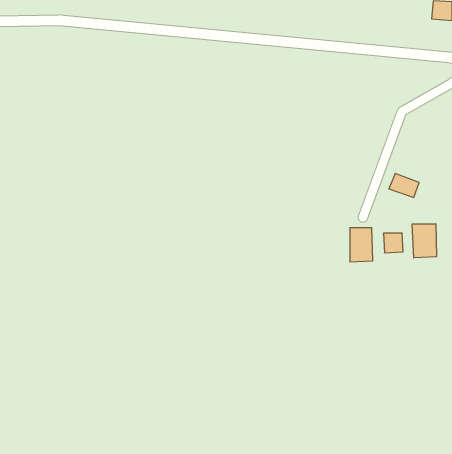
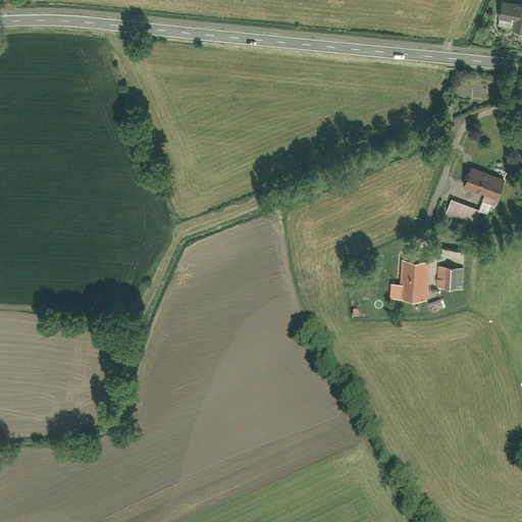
building: none -> [461,164,506,208]
building: [412,224,436,258] -> none

